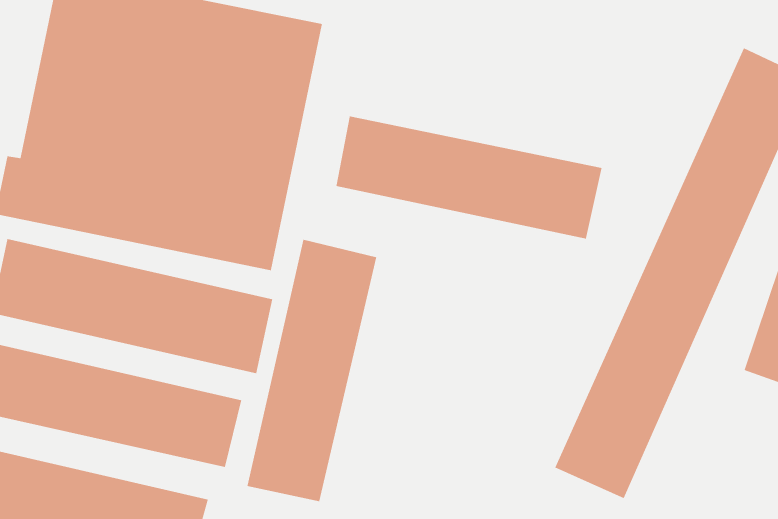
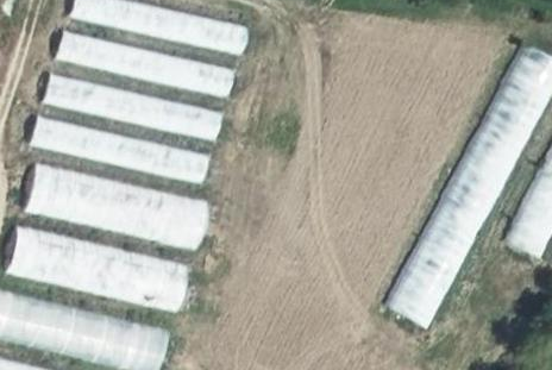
building: [336,116,602,239] -> none
building: [246,239,377,502] -> none

